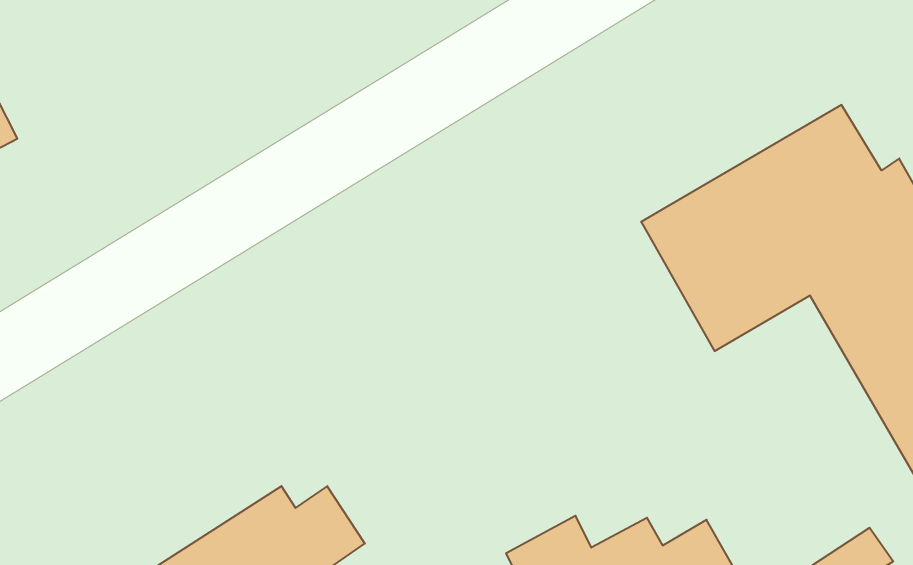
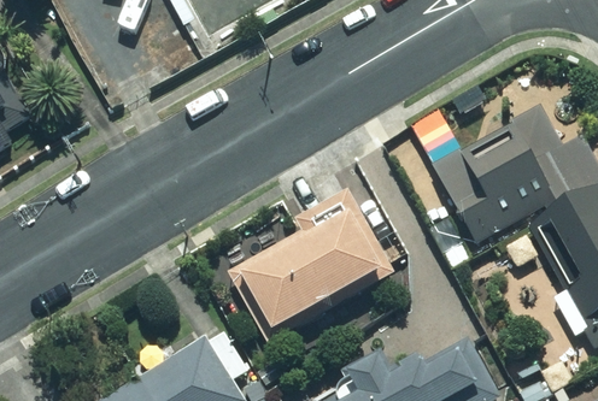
building: none -> [221,200,395,350]

